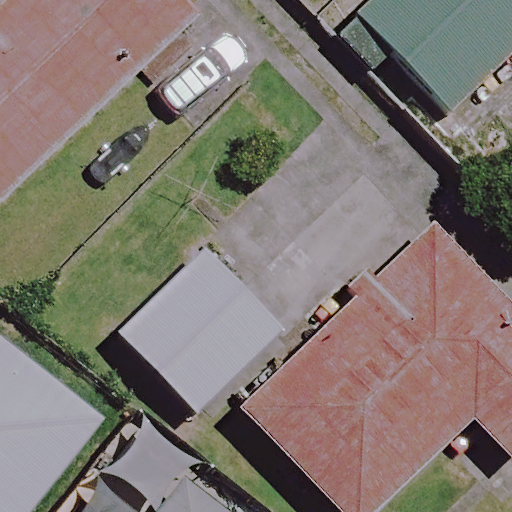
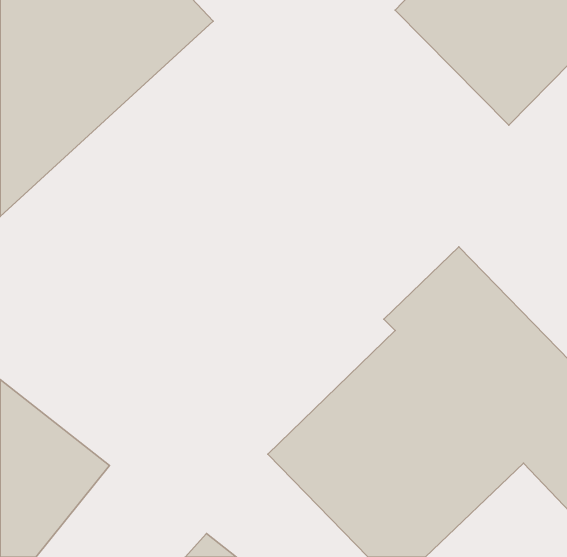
building: [120,250,278,409] -> none

